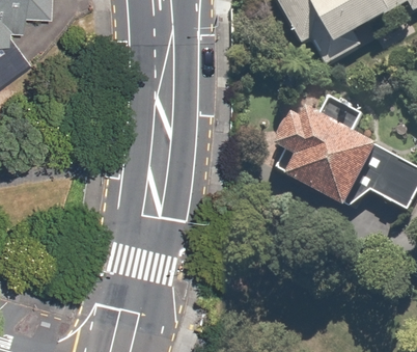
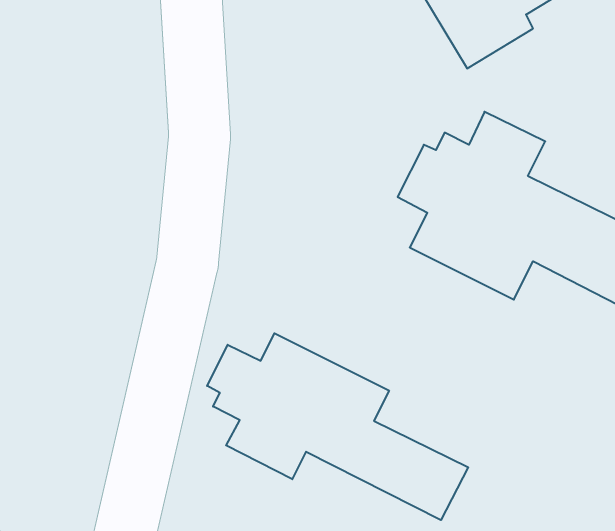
building: none -> [207,333,468,520]

